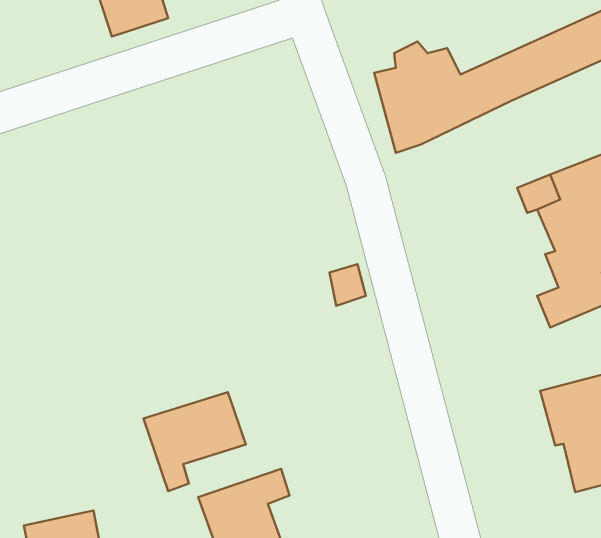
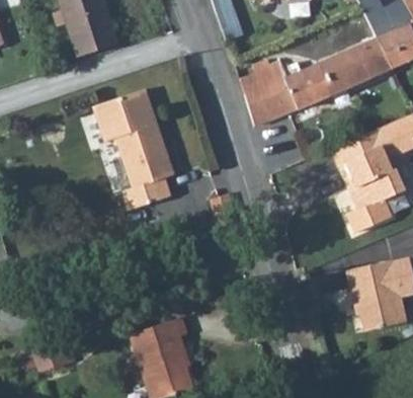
building: none -> [95,93,175,214]
building: [143,392,246,491] -> none

